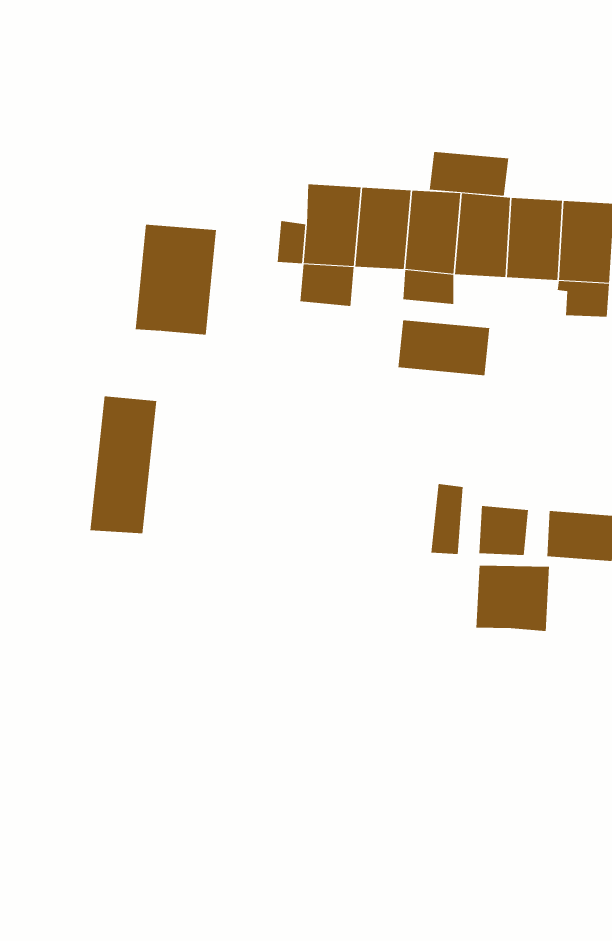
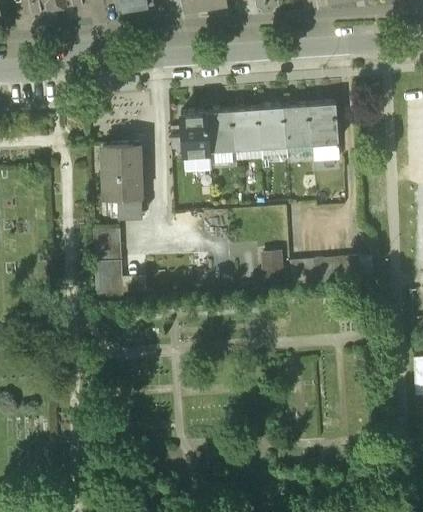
building: [429,151,509,197] -> none
building: [398,319,490,376] -> none
building: none -> [118,196,148,217]
building: [476,565,550,632] -> none

